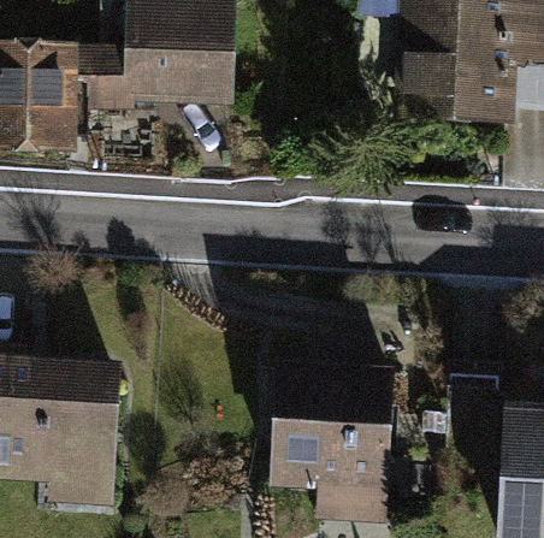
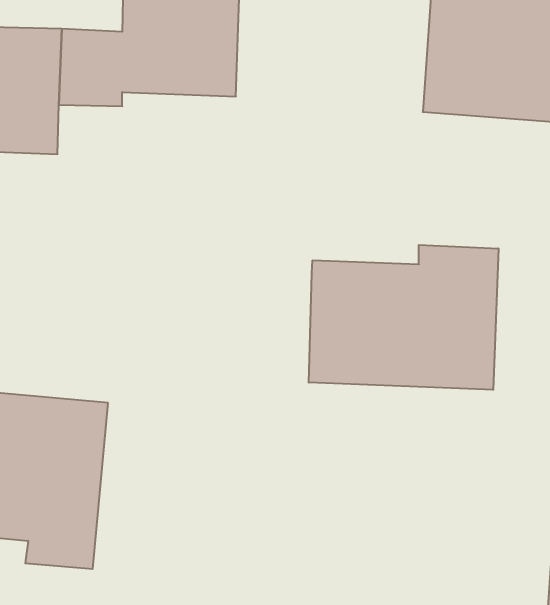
building: none -> [309,245,498,390]
building: [270,360,394,528] -> none

